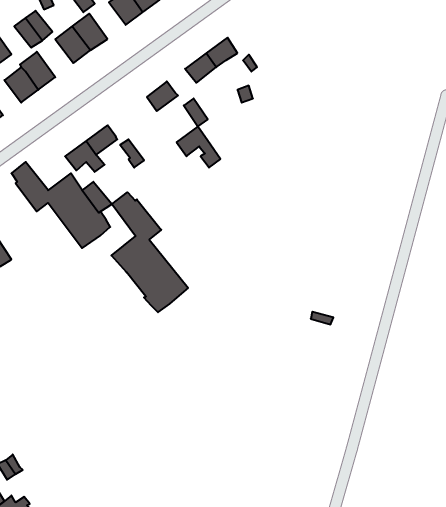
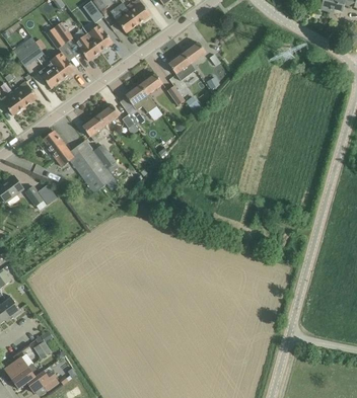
building: [177,127,220,168] -> [126,84,157,113]
building: [111,192,188,312] -> none

